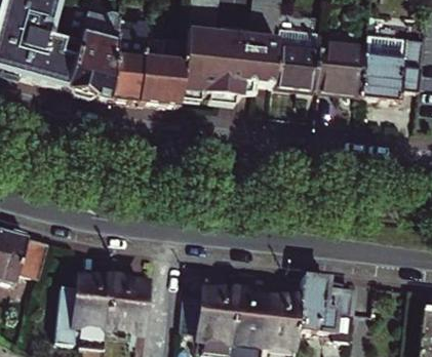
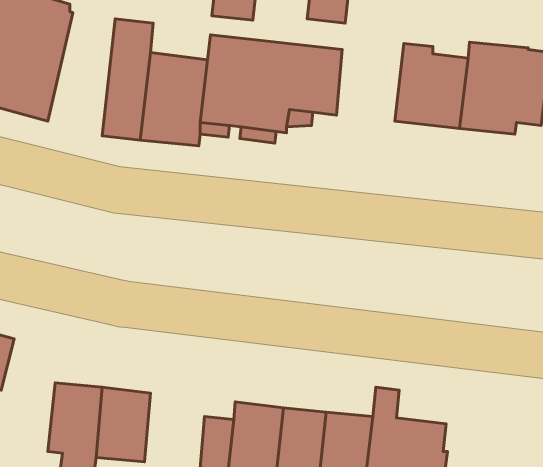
building: [71,11,118,100] -> none
building: [273,29,320,89] -> none

